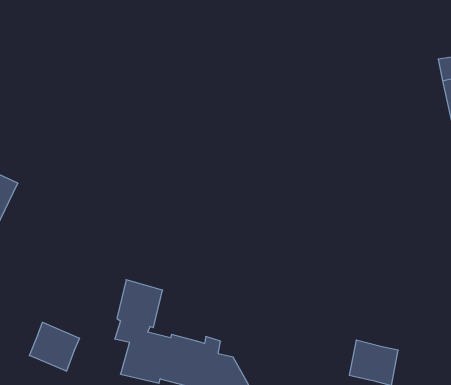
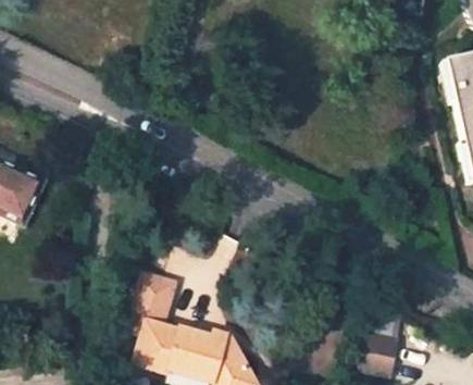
building: [29,322,79,371] -> none

